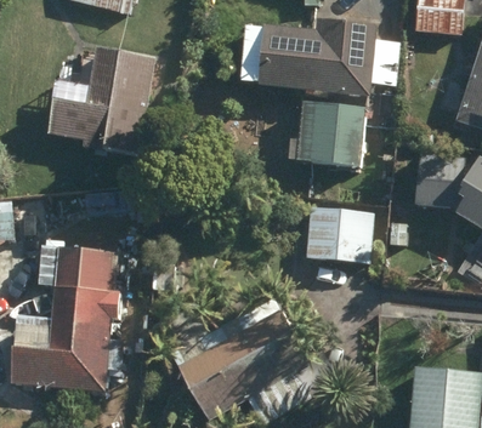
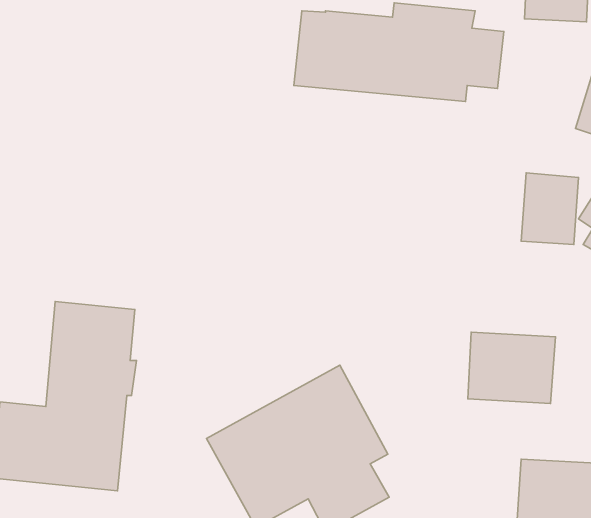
building: [52,47,155,153] -> none
building: [289,102,364,164] -> none
building: [308,207,375,262] -> [468,332,555,404]

